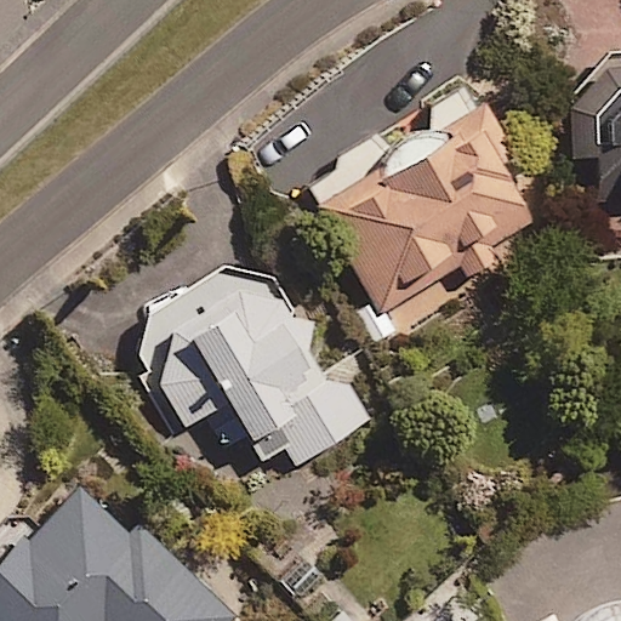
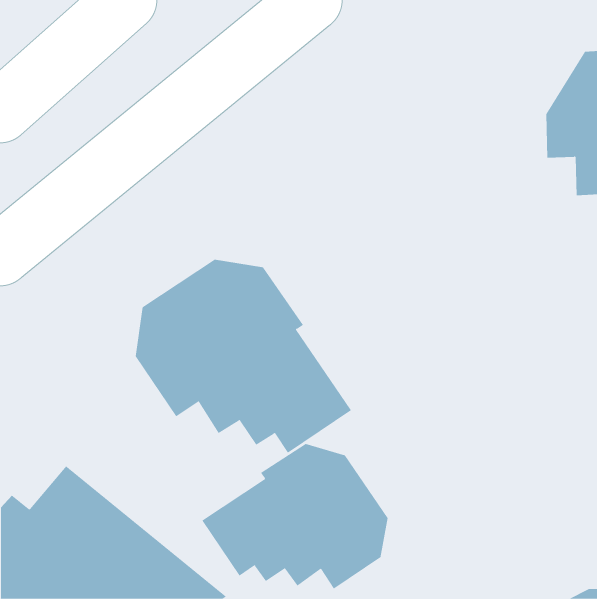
building: [321,112,536,307] -> none
building: none -> [202,443,388,589]

